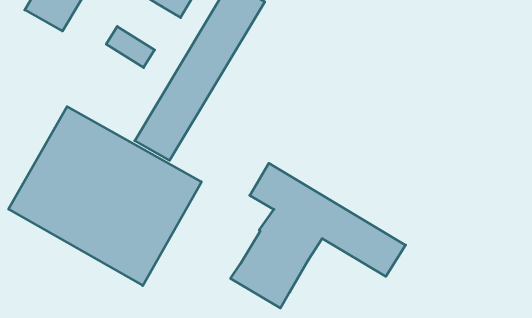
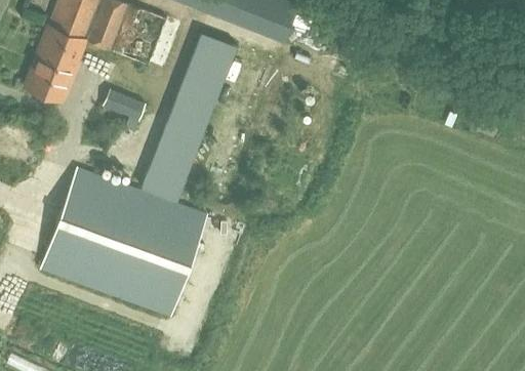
building: [231,163,406,308] -> none

